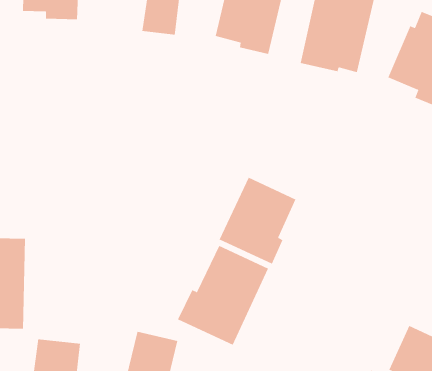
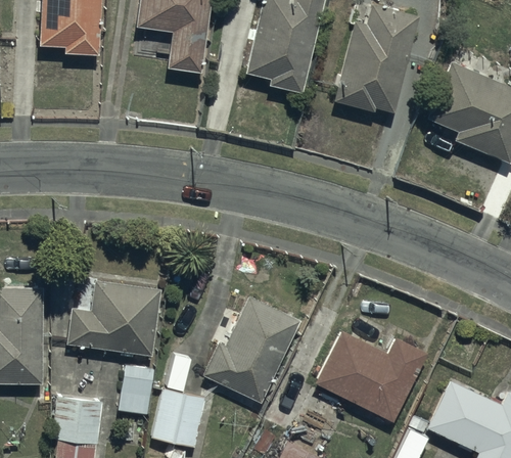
building: [219,177,296,265] -> none
building: none -> [66,279,164,357]
building: none -> [316,332,428,423]
building: none -> [118,366,154,415]

